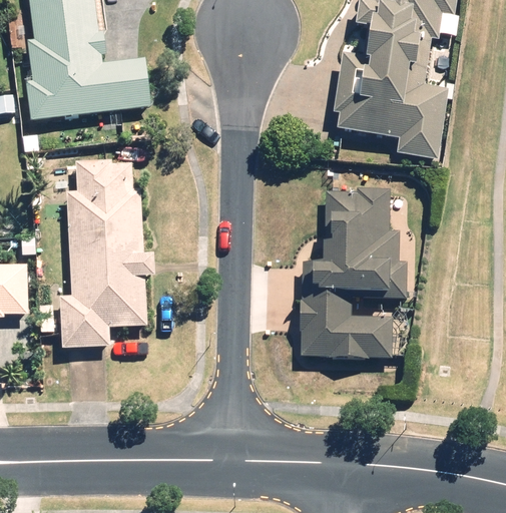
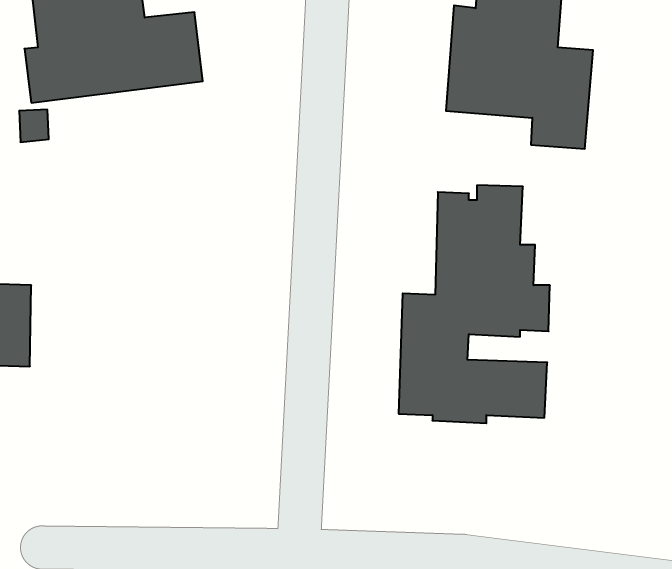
building: [60,158,154,349] -> none

